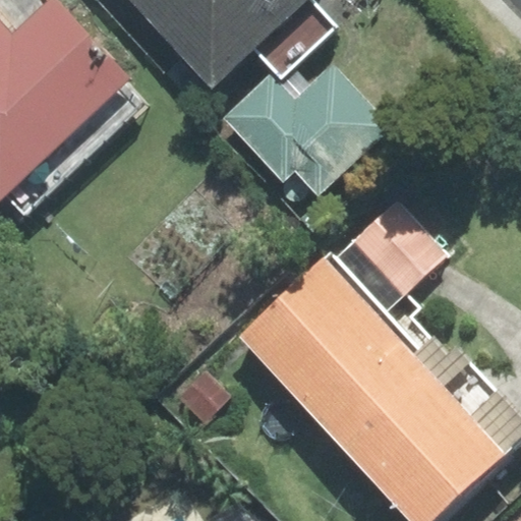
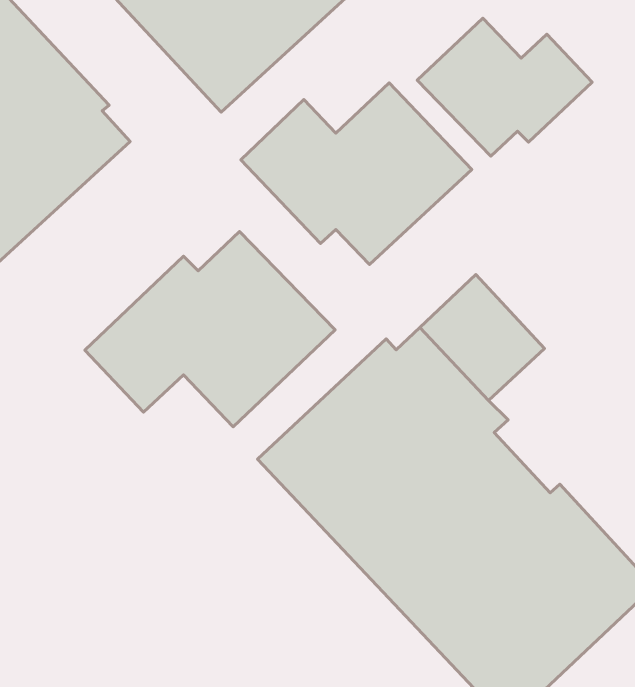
building: none -> [417,18,592,156]
building: none -> [85,232,335,427]

